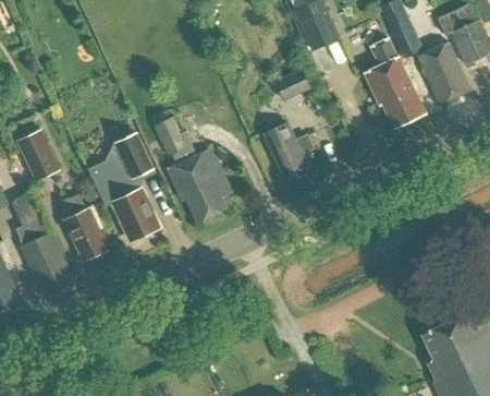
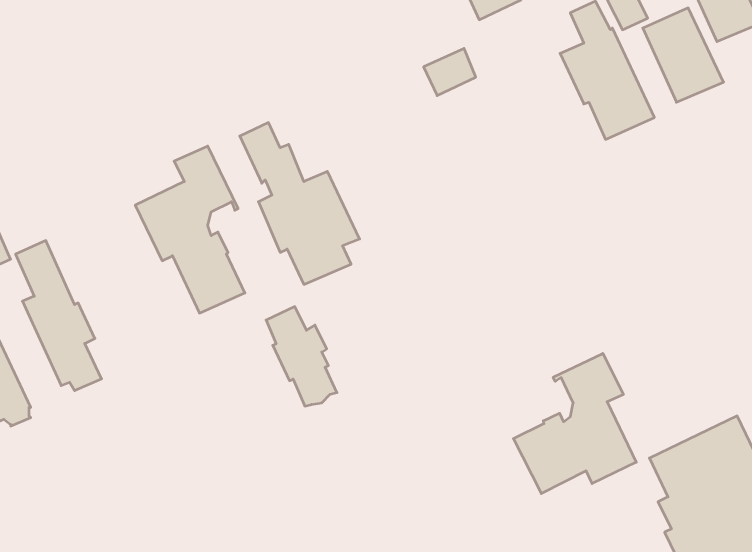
building: [266,122,314,180] -> none
building: [16,130,59,181] -> none
building: [60,194,106,259] -> [266,307,337,406]
building: none -> [513,353,636,494]

